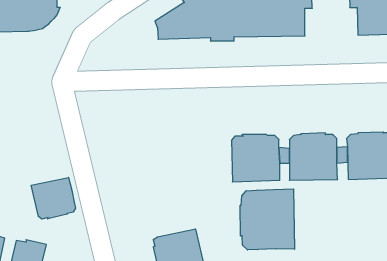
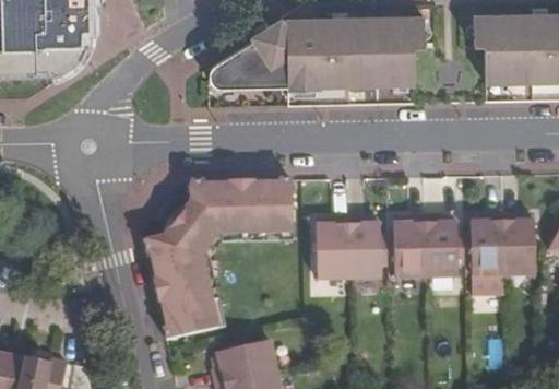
building: none -> [144,179,294,340]
building: [31,177,76,219] -> none
building: [240,189,295,250] -> none

